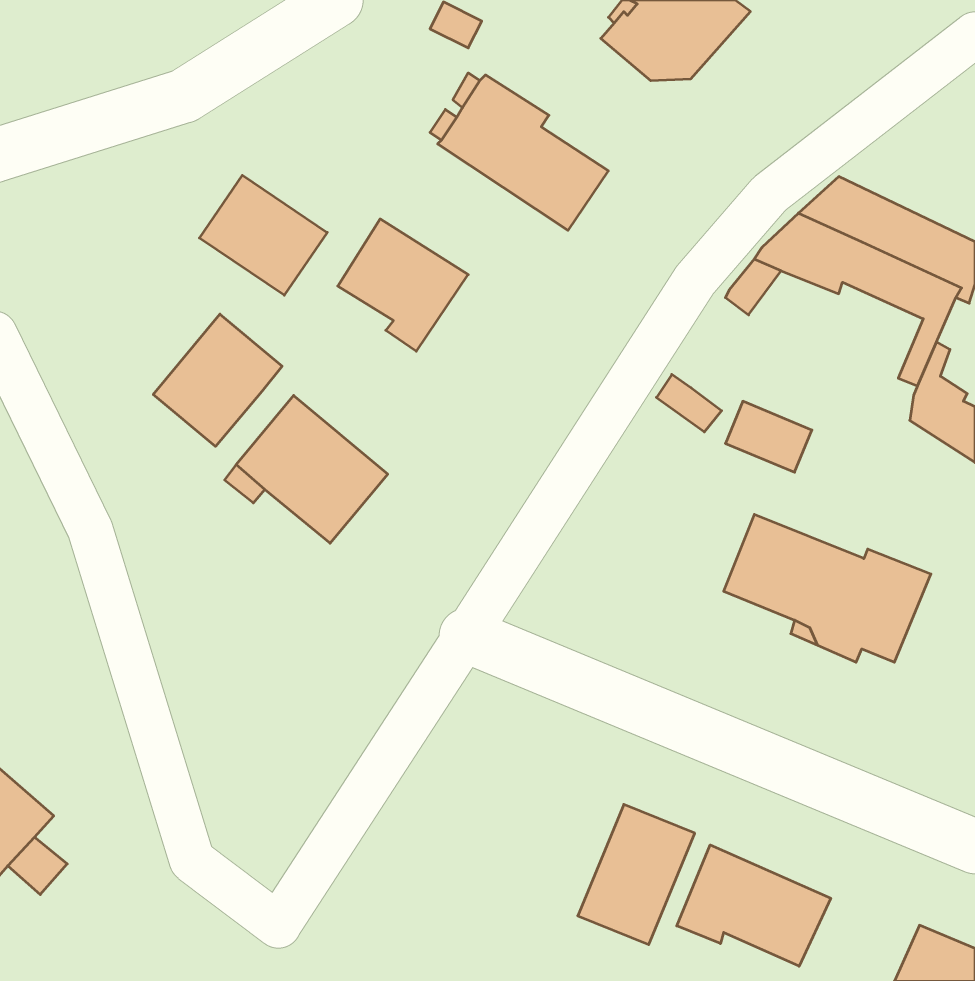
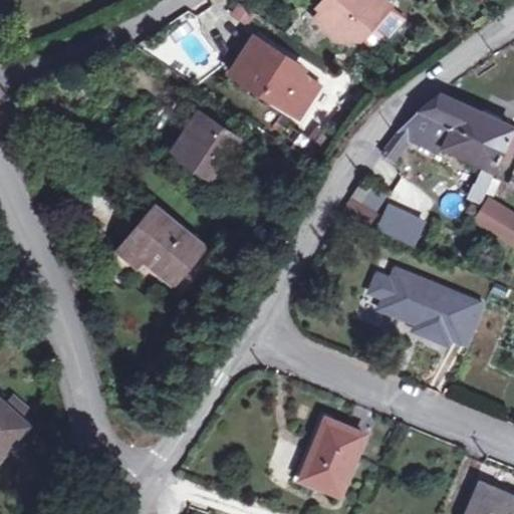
building: [199,175,327,295] -> none
building: [153,314,282,446] -> none
building: [677,845,831,966] -> none

